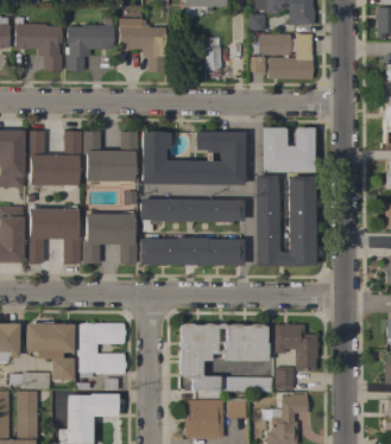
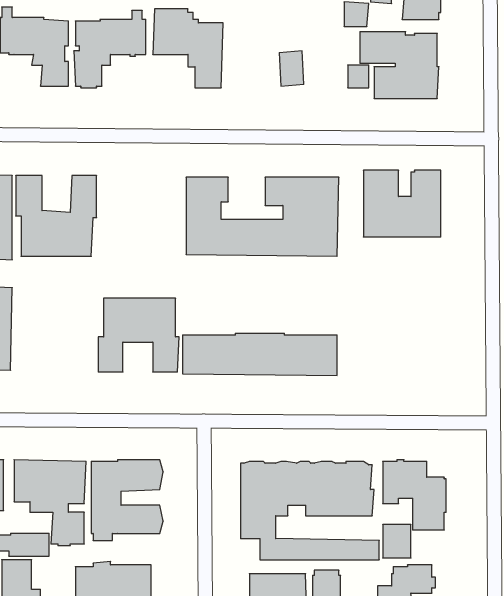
building: [83,131,137,182] -> none
building: [256,175,315,266] -> none
building: [139,198,242,231] -> none
building: [26,208,81,264] -> none

